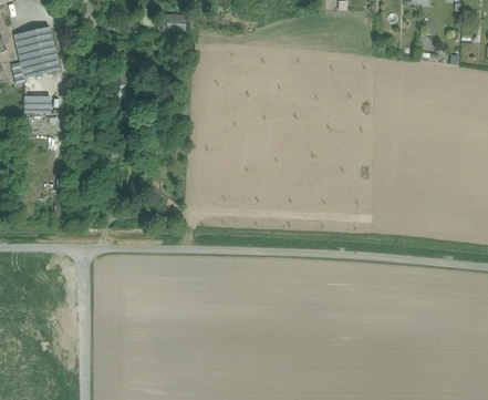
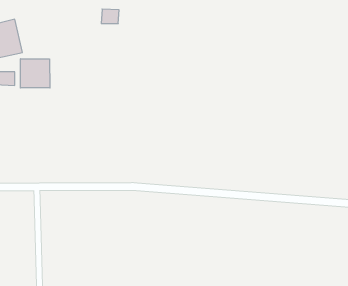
building: none -> [20,59,50,88]

